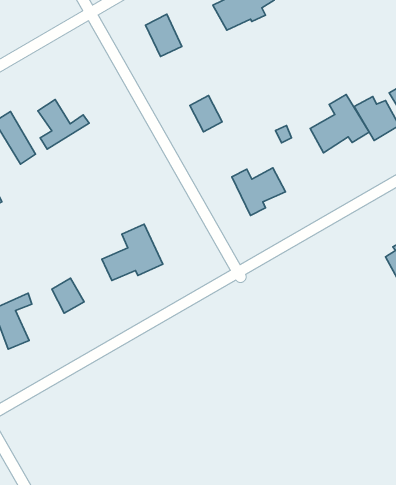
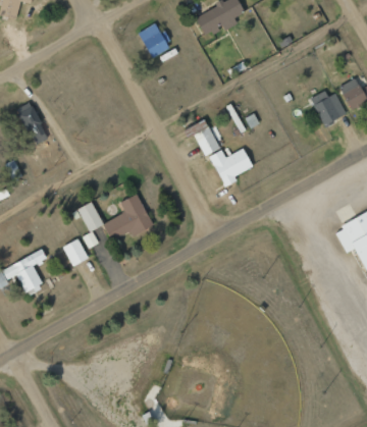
building: [310,94,369,153] -> none
building: [190,95,222,132] -> [194,127,220,157]
building: [38,99,89,149] -> none
building: none -> [76,204,103,249]

